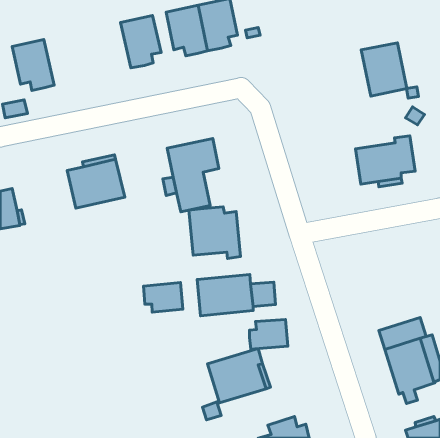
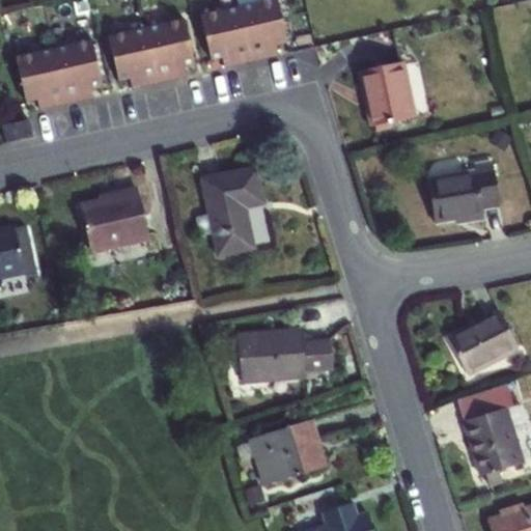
building: none -> [108,27,158,88]
building: none -> [53,39,102,103]
building: [361,43,407,96] -> [359,62,414,127]
building: [189,207,241,259] -> none
building: none -> [448,312,516,373]
building: [143,282,183,312] -> none
building: [250,320,288,349] -> none

